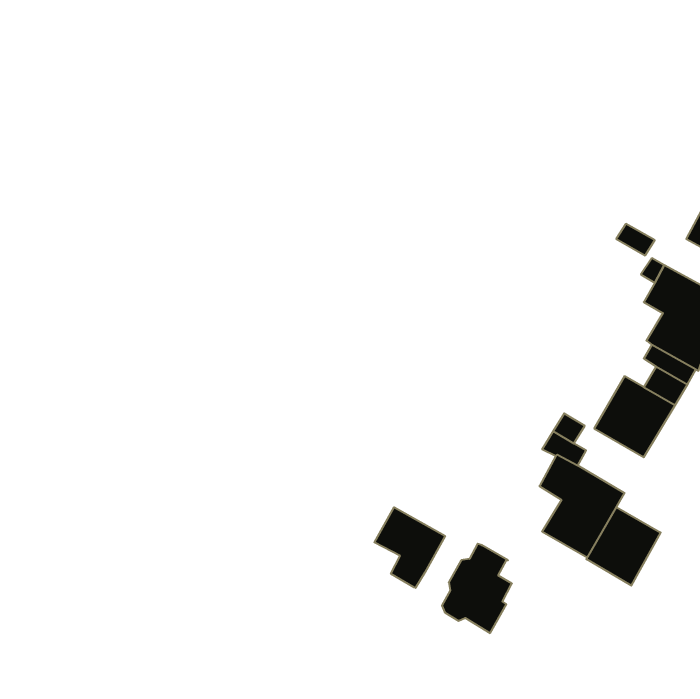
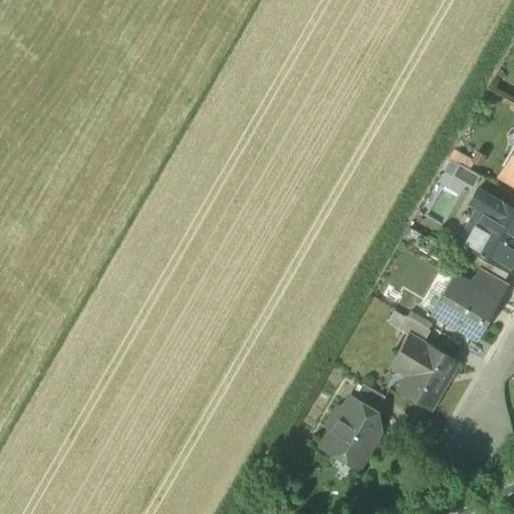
building: [374,507,445,588] -> none
building: [586,507,661,586] -> none
building: none -> [353,384,386,415]

